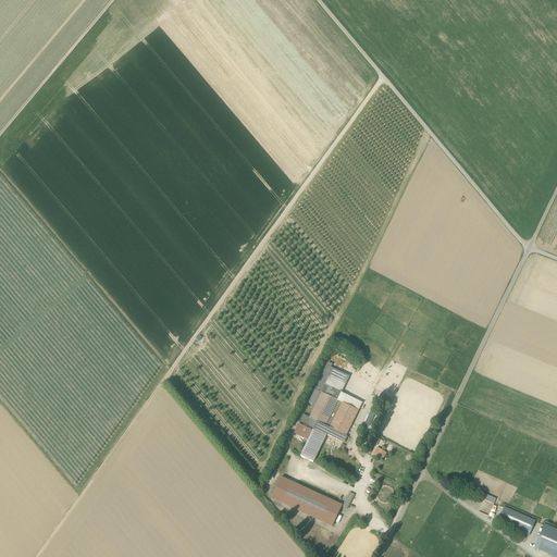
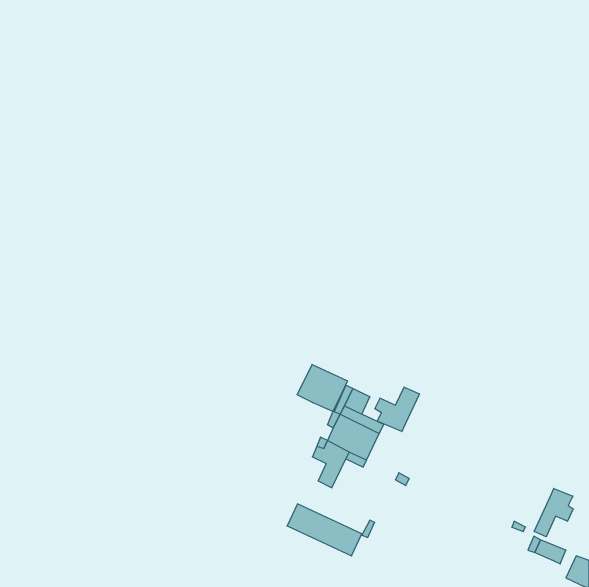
building: none -> [297,364,347,411]
building: none -> [375,387,419,432]
building: none -> [534,488,573,537]

